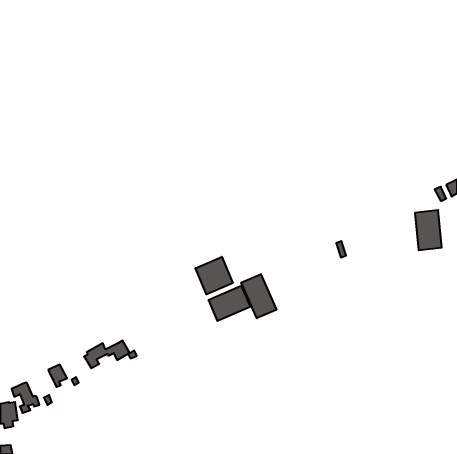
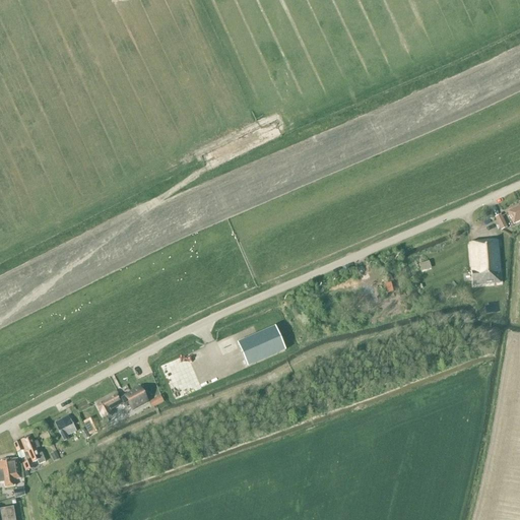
building: [195,257,233,294] -> none
building: [241,274,276,318] -> none

